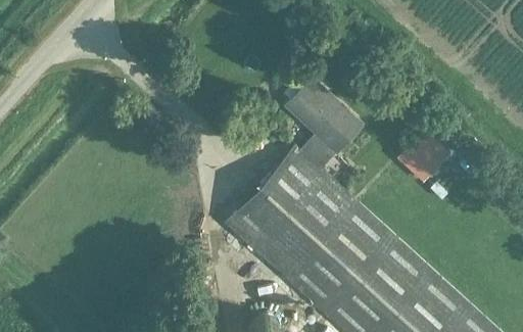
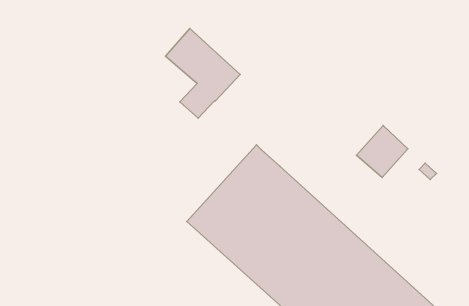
building: [286,80,361,170] -> [165,28,240,118]

